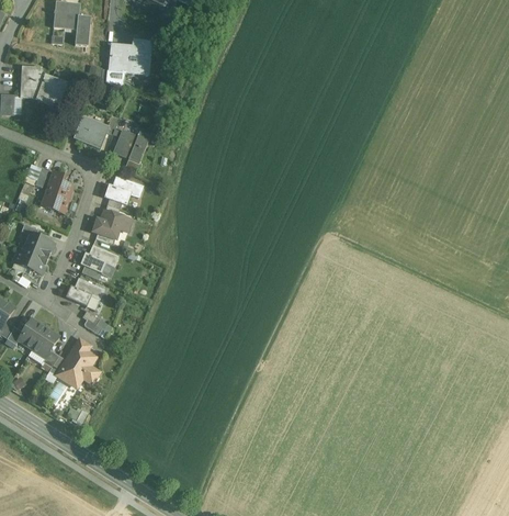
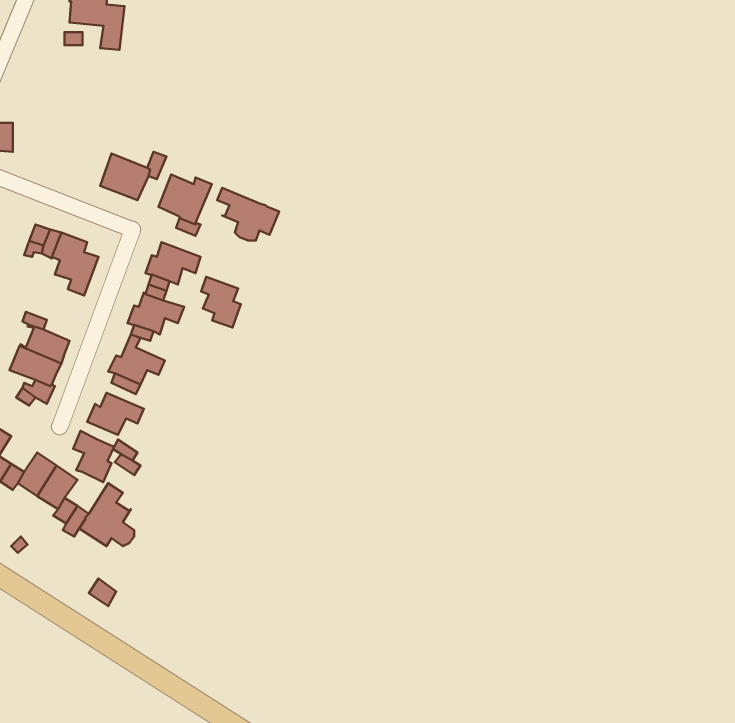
building: [108,38,150,74] -> none
building: [20,67,65,106] -> none
building: none -> [217,188,279,241]
building: none -> [201,277,241,327]
building: none -> [73,431,115,482]

